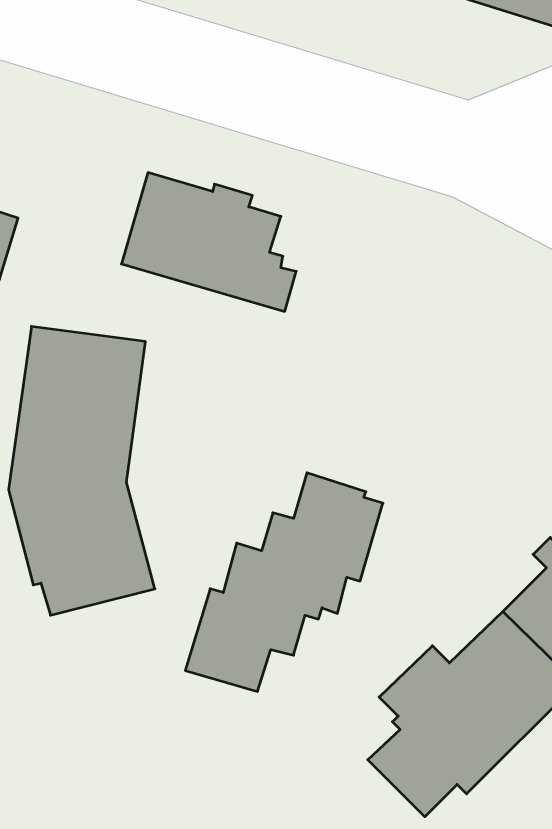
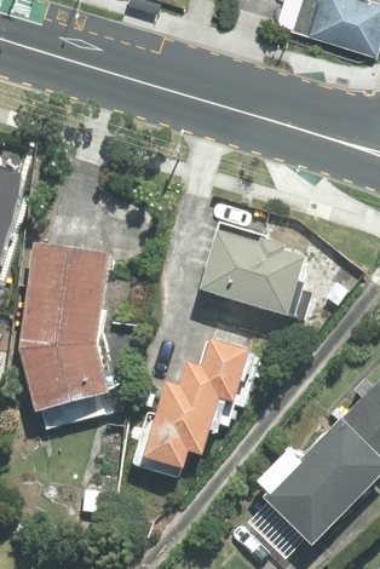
building: [121,173,296,311] -> [200,230,311,318]

